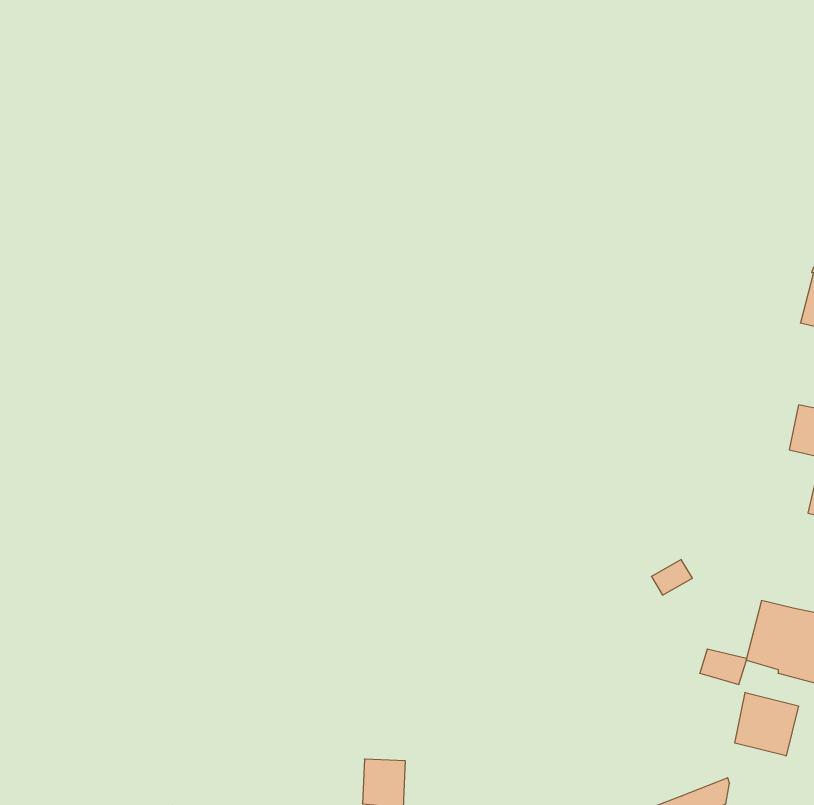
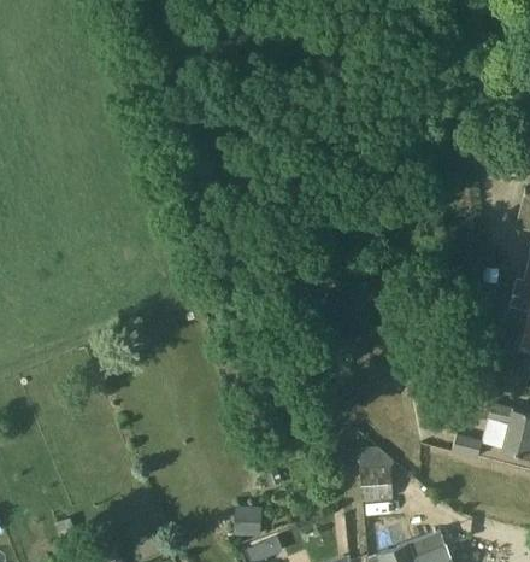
building: none -> [360,450,394,503]
building: [735,692,798,756] -> none

